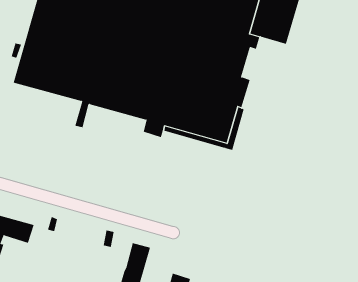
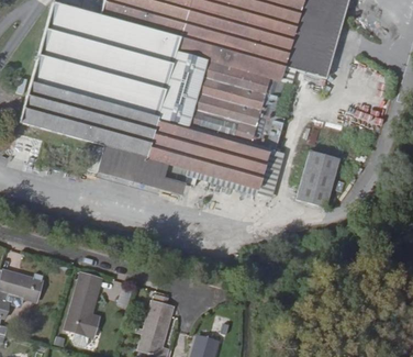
building: none -> [98,145,186,194]
building: none -> [297,149,339,207]
building: none -> [65,271,102,336]

